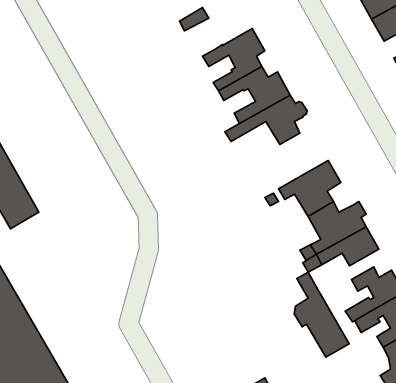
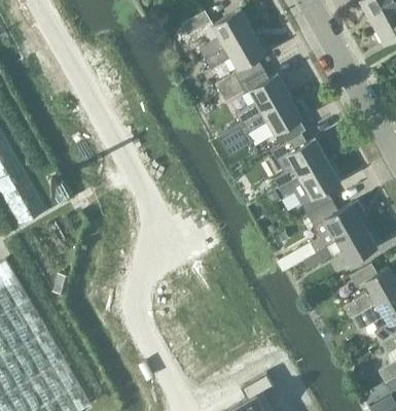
building: none -> [201,9,254,59]
building: none -> [273,134,328,189]
building: [294,272,349,357] -> none

